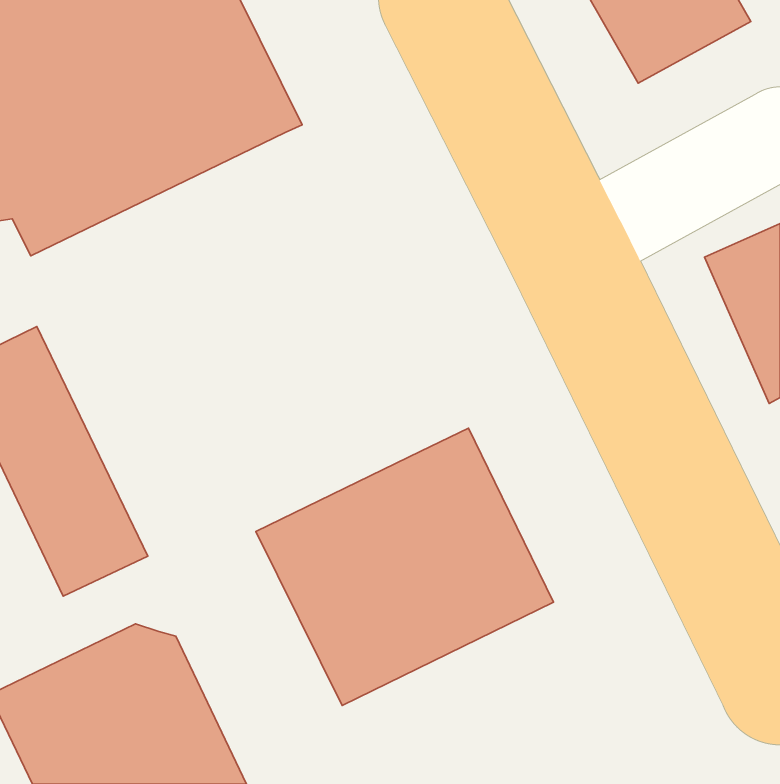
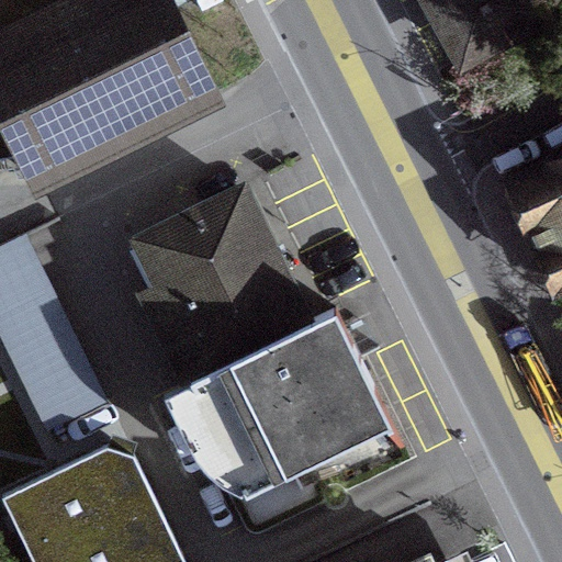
building: none -> [139,189,300,379]

